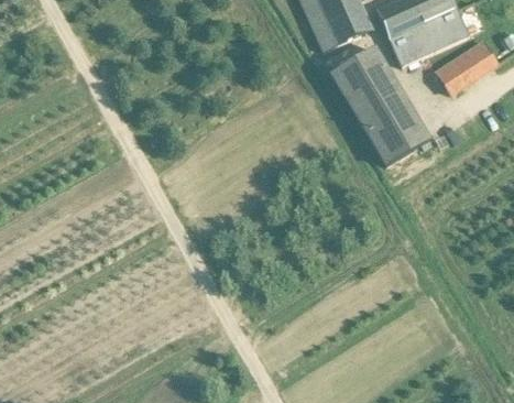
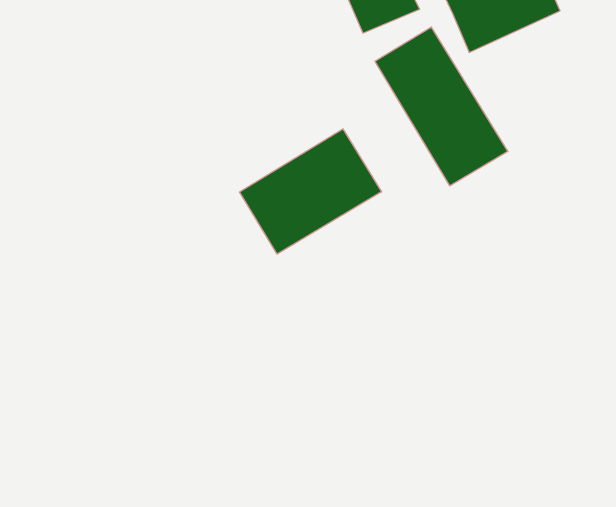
building: [438,40,500,94] -> none
building: none -> [240,129,382,254]

